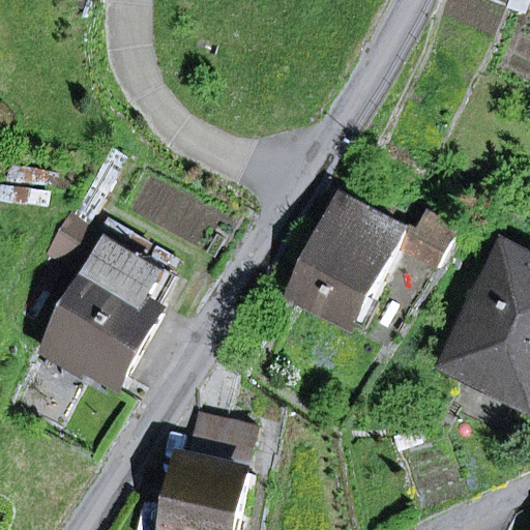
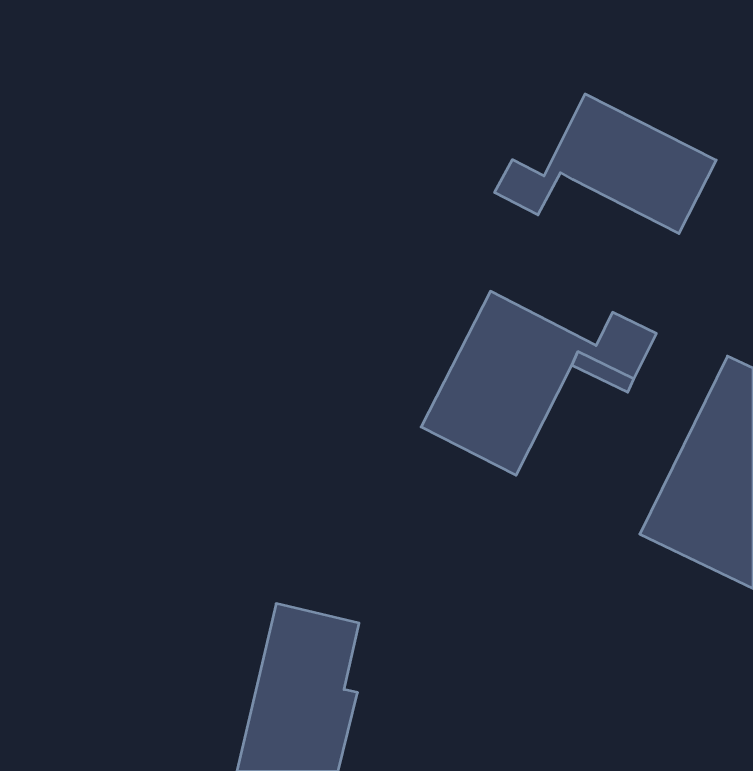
building: none -> [495,94,716,234]
building: [46,215,167,378] -> none

